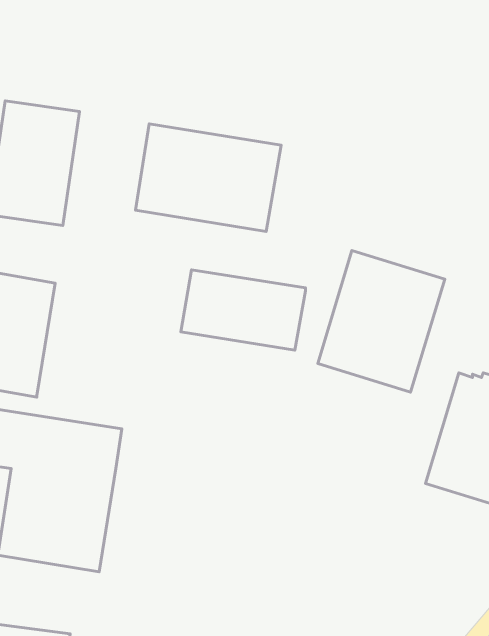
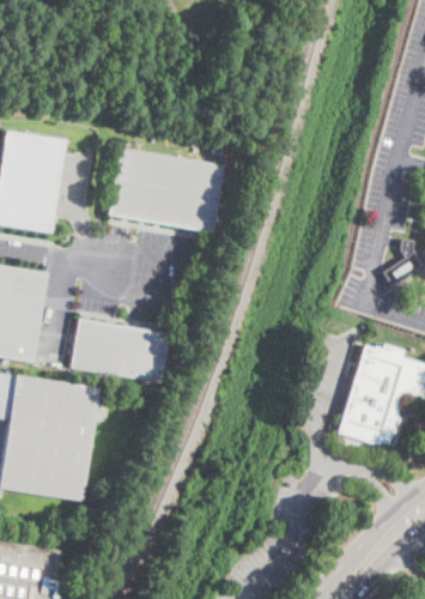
building: [318,251,445,392] -> none
building: [181,270,305,350] -> [69,319,168,382]

